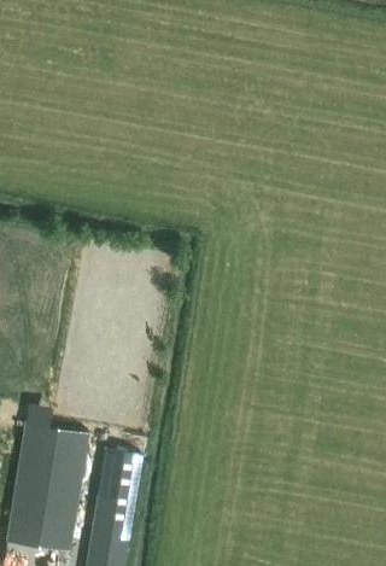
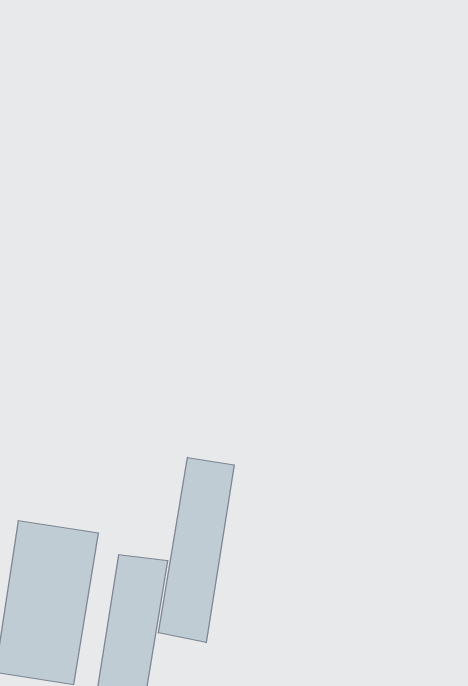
building: none -> [159,457,234,643]

